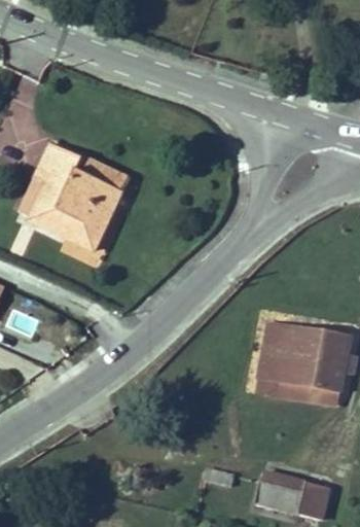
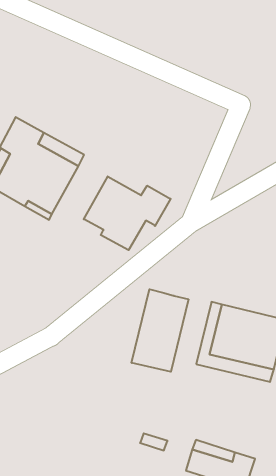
building: none -> [84,176,171,250]
building: none -> [132,289,188,372]

